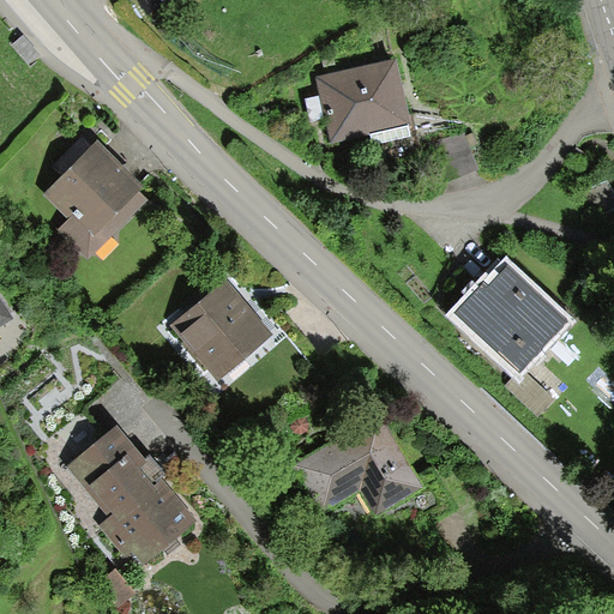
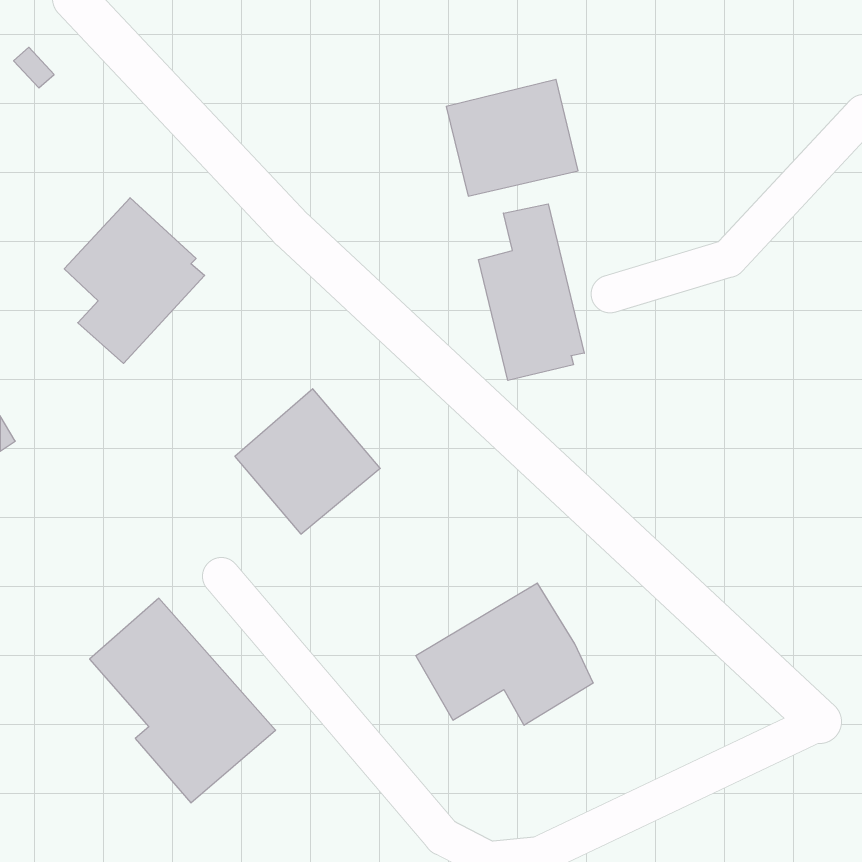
building: none -> [479,204,584,380]
building: [457,264,570,372] -> none

